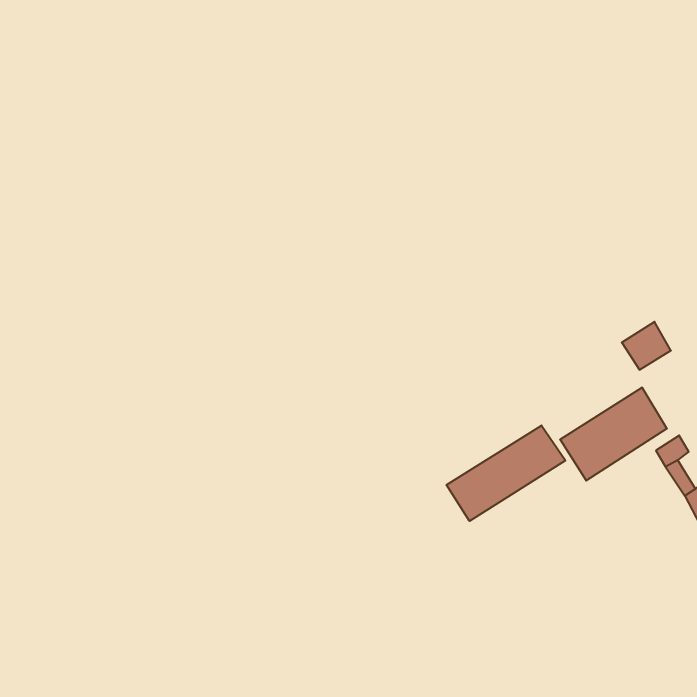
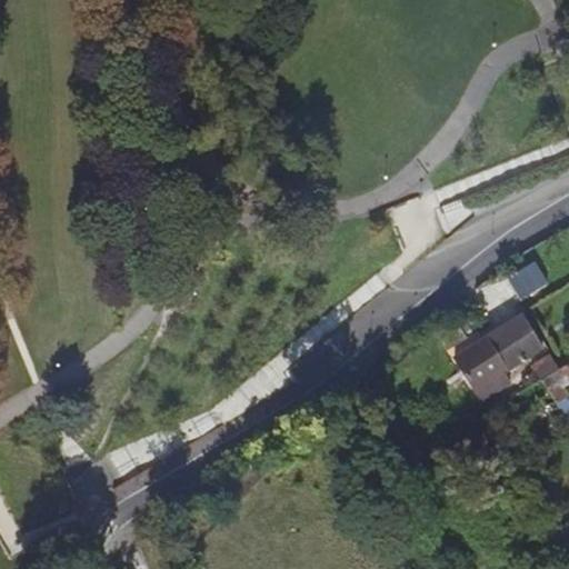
building: [447,425,565,521] -> none

